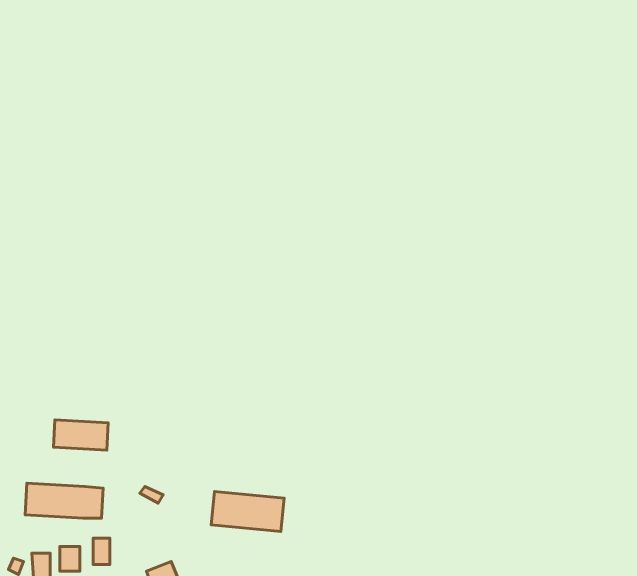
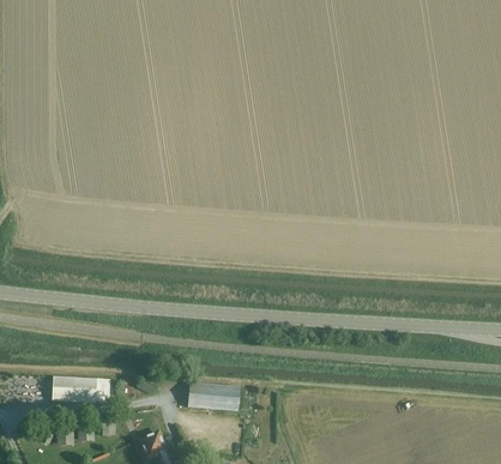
building: [54,420,108,450] -> none

